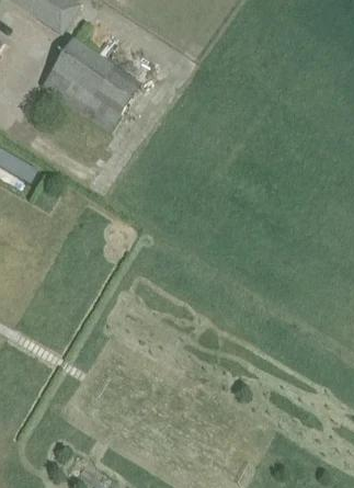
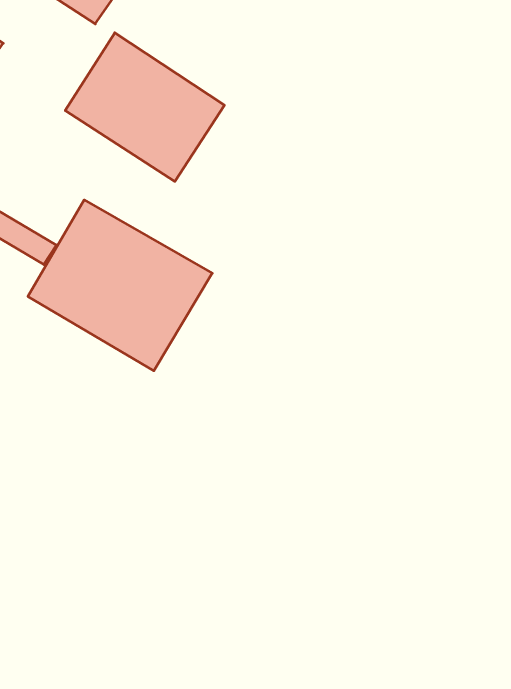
building: none -> [28,200,212,371]

